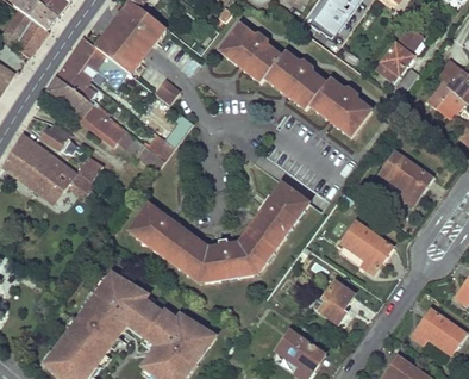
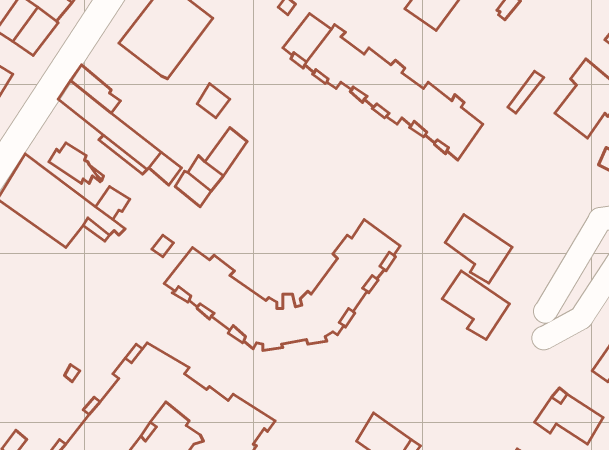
building: [381,23,423,73] -> none
building: [65,37,126,82] -> none
building: [380,151,431,204] -> [445,214,512,283]
building: [319,281,352,323] -> none

